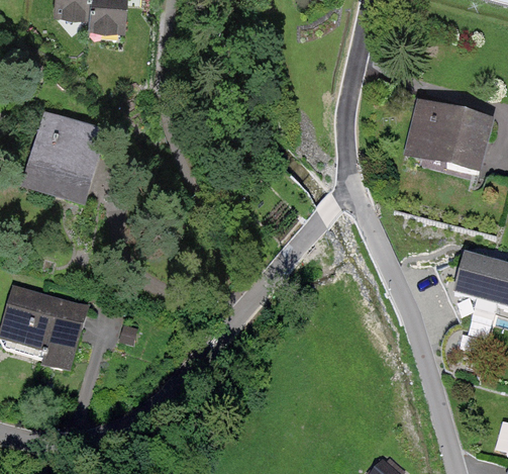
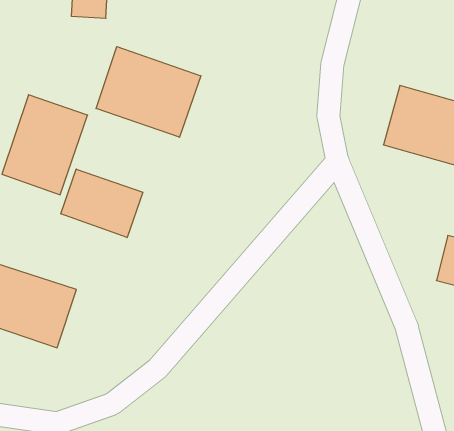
building: none -> [96,47,201,137]
building: none -> [61,169,143,238]

